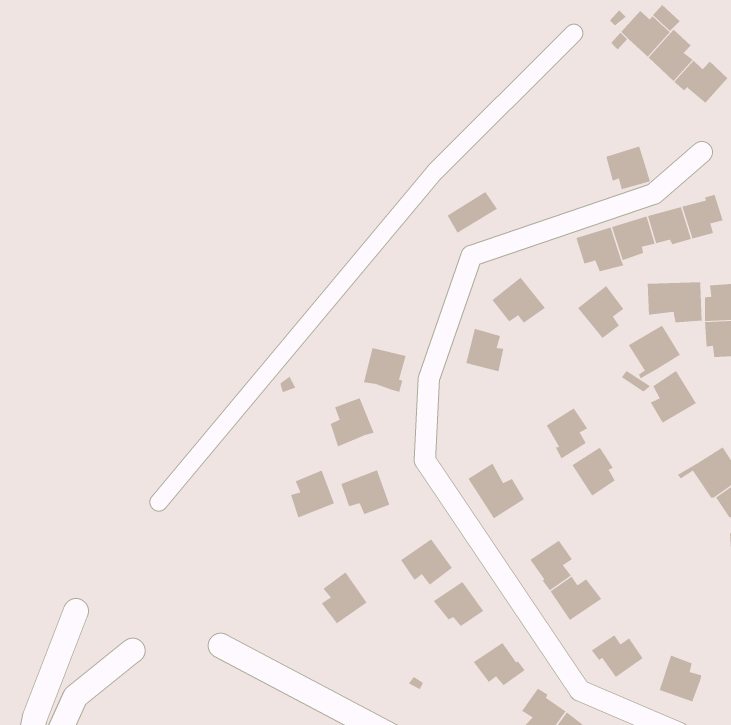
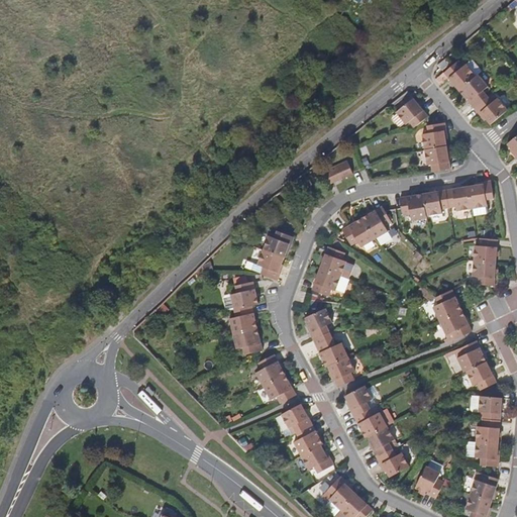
building: none -> [396,97,427,126]
building: none -> [421,122,446,148]
building: [647,281,702,323] -> none
building: [577,285,624,339] -> [361,205,391,238]
building: none -> [263,230,293,257]
building: [628,325,681,379] -> [438,310,471,342]
building: none -> [311,267,348,295]
building: [546,408,588,459] -> [305,308,331,339]
building: [572,447,616,496] -> [327,356,353,387]
building: [290,470,335,518] -> [229,304,256,332]
building: [321,571,368,624] -> [255,352,285,385]
building: none -> [367,425,394,456]
building: none -> [294,423,323,454]

